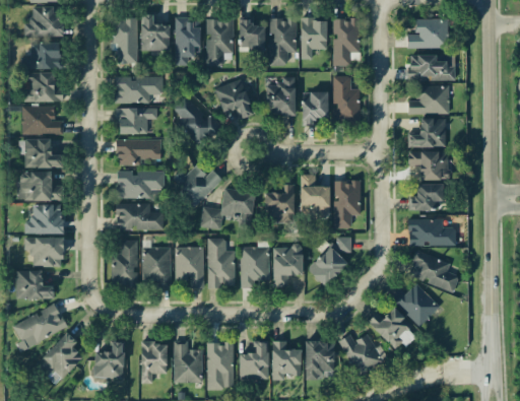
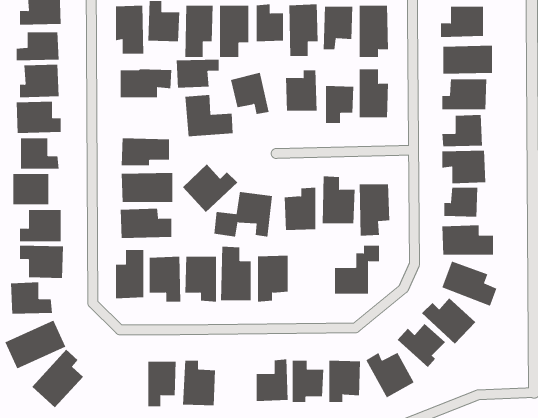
building: [118,108,157,134] -> [176,59,219,88]
building: [273,246,303,286] -> none
building: [93,341,125,379] -> none
building: [207,342,235,389] -> none

